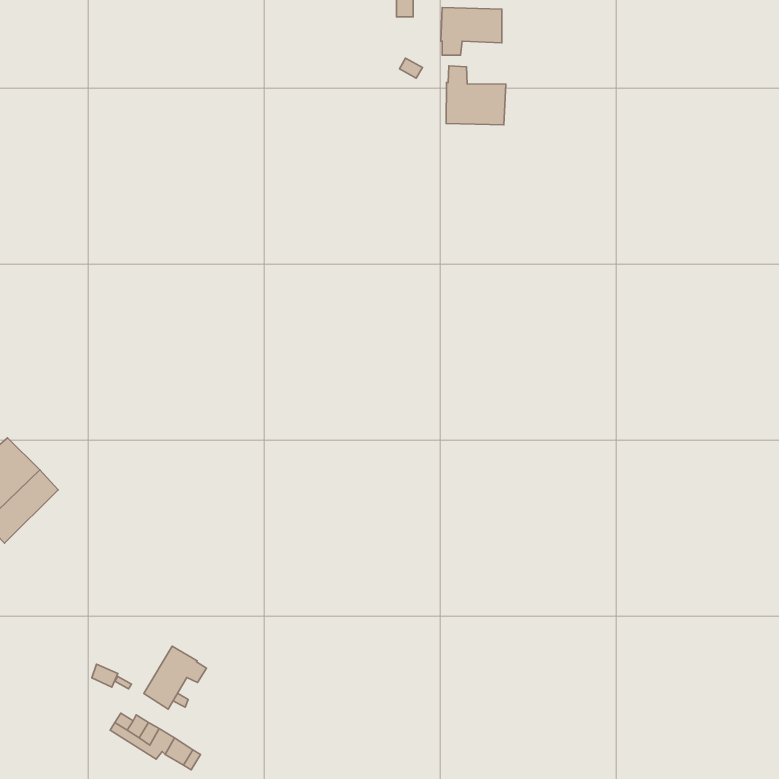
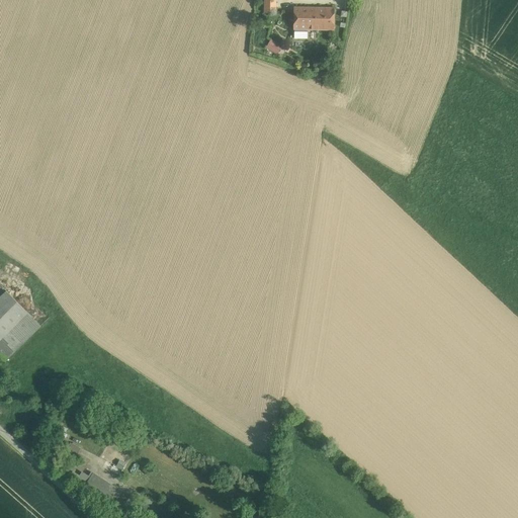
building: [446,66,506,125] -> none
building: [144,646,206,709] -> none

